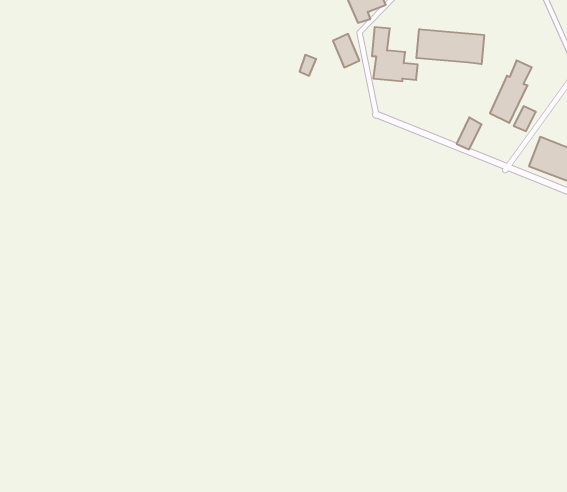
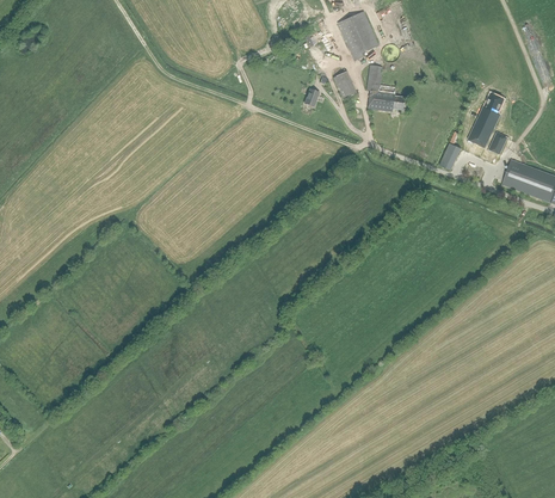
building: [417,29,484,64] -> none

